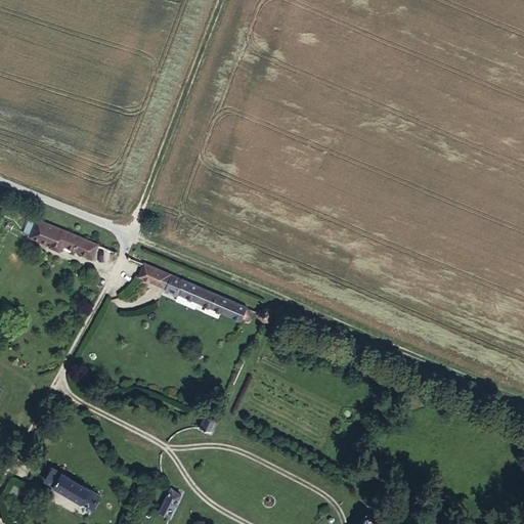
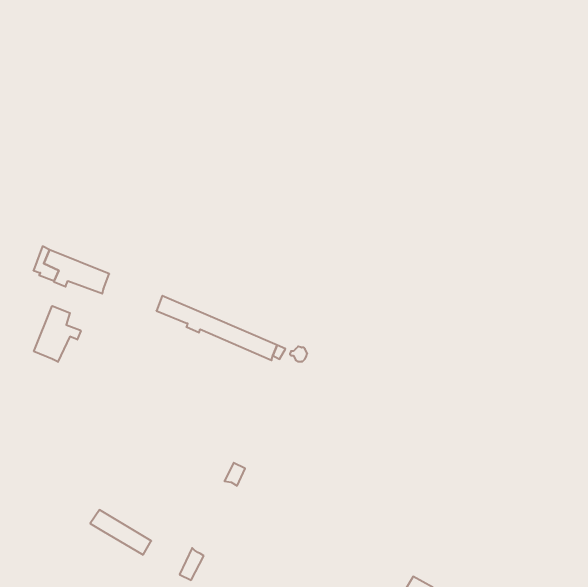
building: none -> [34,306,81,362]
building: [46,469,100,509] -> [90,510,151,555]

